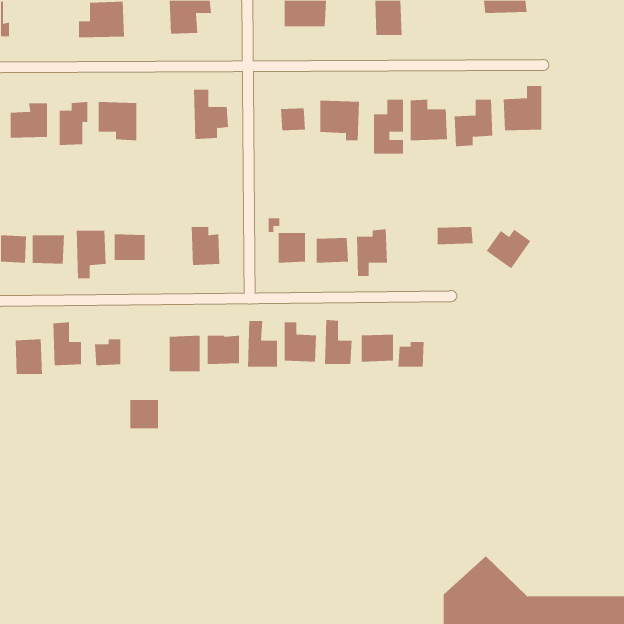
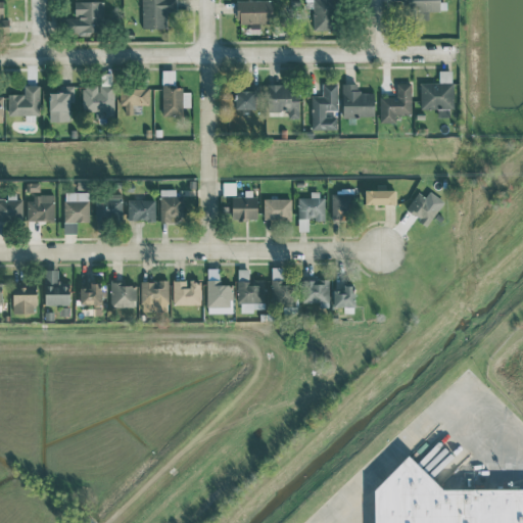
building: none -> [121,88,150,115]
building: none -> [332,194,354,218]
building: none -> [129,200,156,221]
building: [129,400,159,429] -> [111,283,136,307]

